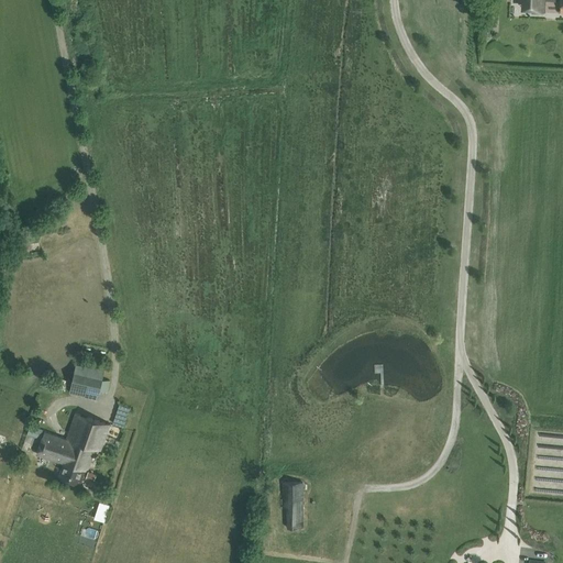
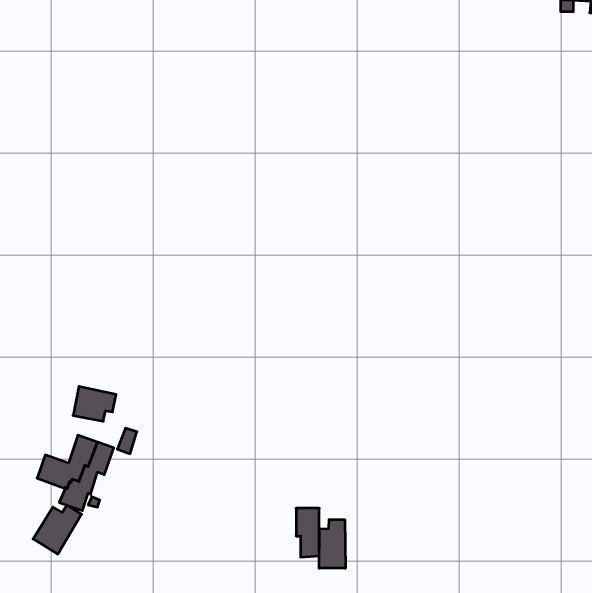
building: none -> [33,505,82,554]
building: none -> [319,520,345,568]

